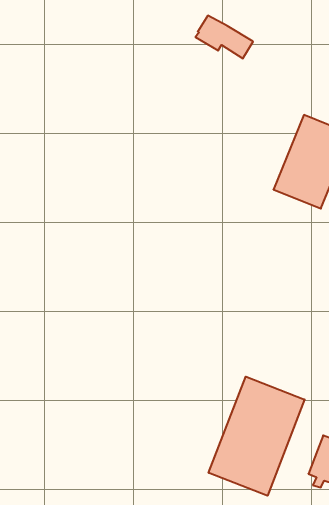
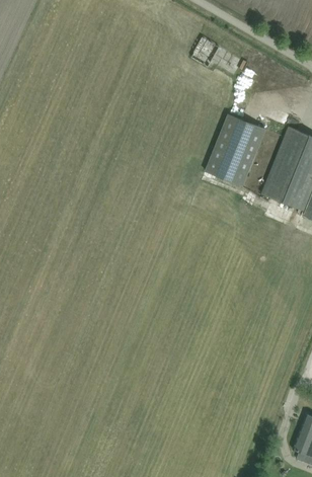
building: none -> [206,113,265,186]
building: [209,377,305,496] -> none

